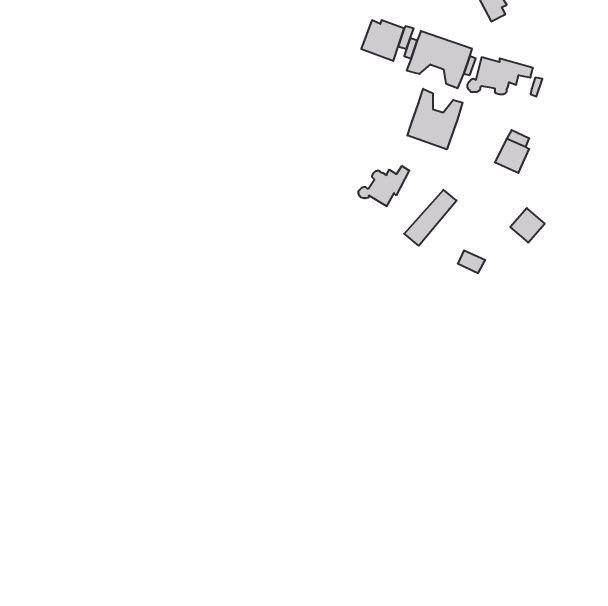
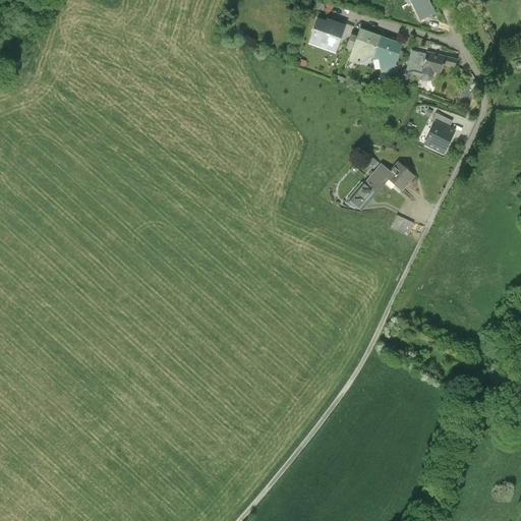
building: [407,89,463,149] -> none
building: [359,166,409,206] -> none
building: [510,208,545,243] -> [385,162,414,191]

